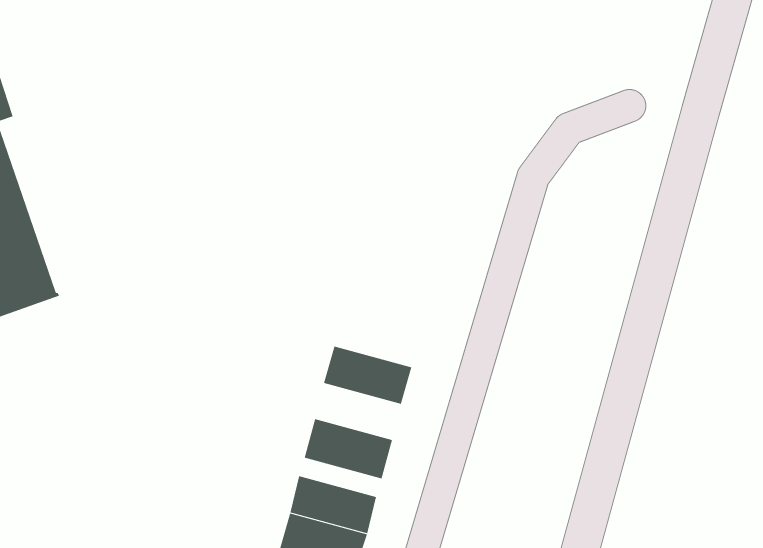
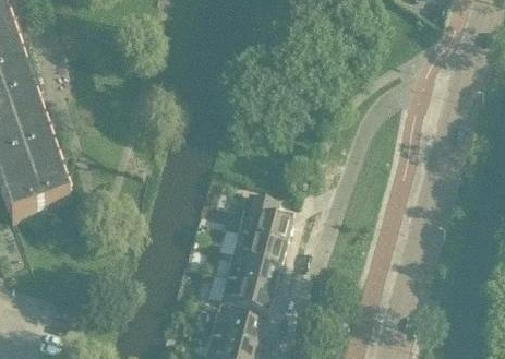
building: none -> [239,191,293,243]
building: none -> [227,253,280,288]

